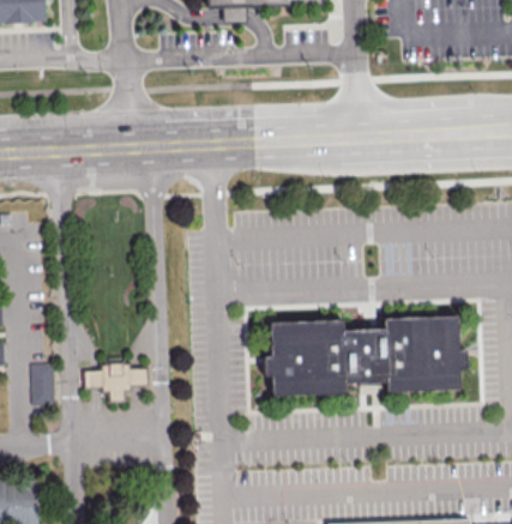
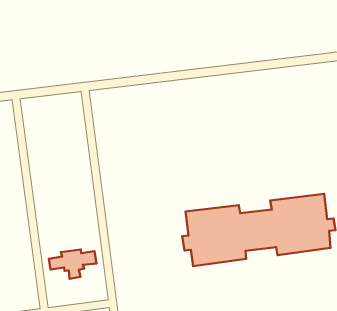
building: [29,362,52,405] -> none

